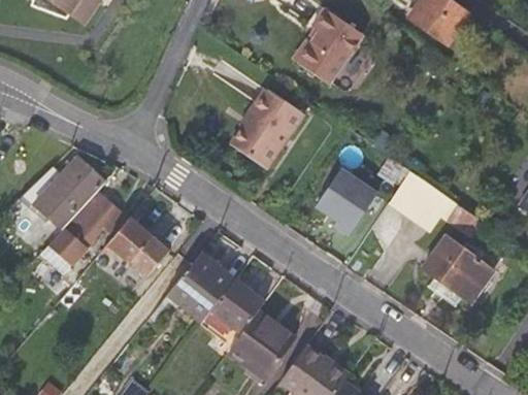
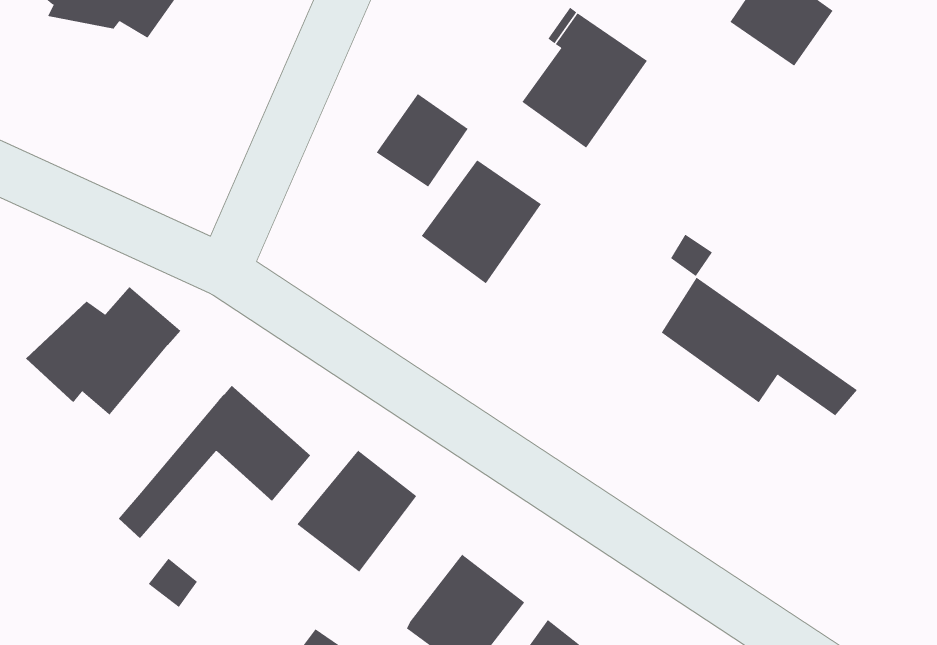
building: none -> [376,93,468,187]
building: [310,167,373,235] -> none
building: [50,194,127,275] -> none
building: [419,232,493,300] -> none
building: [199,277,264,347] -> none

